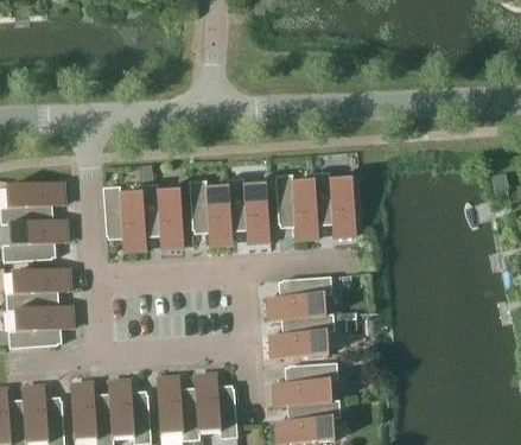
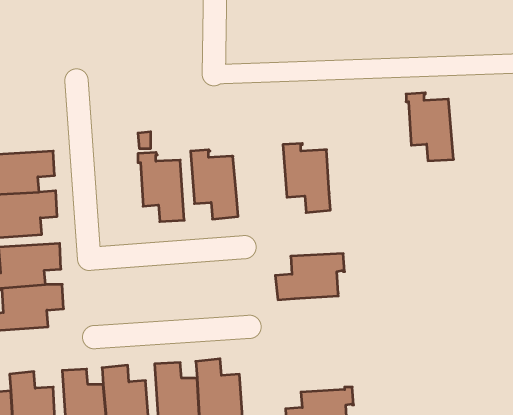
building: [313,172,357,235] -> [406,93,454,161]
building: [227,178,271,241] -> none
building: [103,186,147,249] -> none
building: [272,313,335,357] -> none
building: [274,362,338,406] -> none

